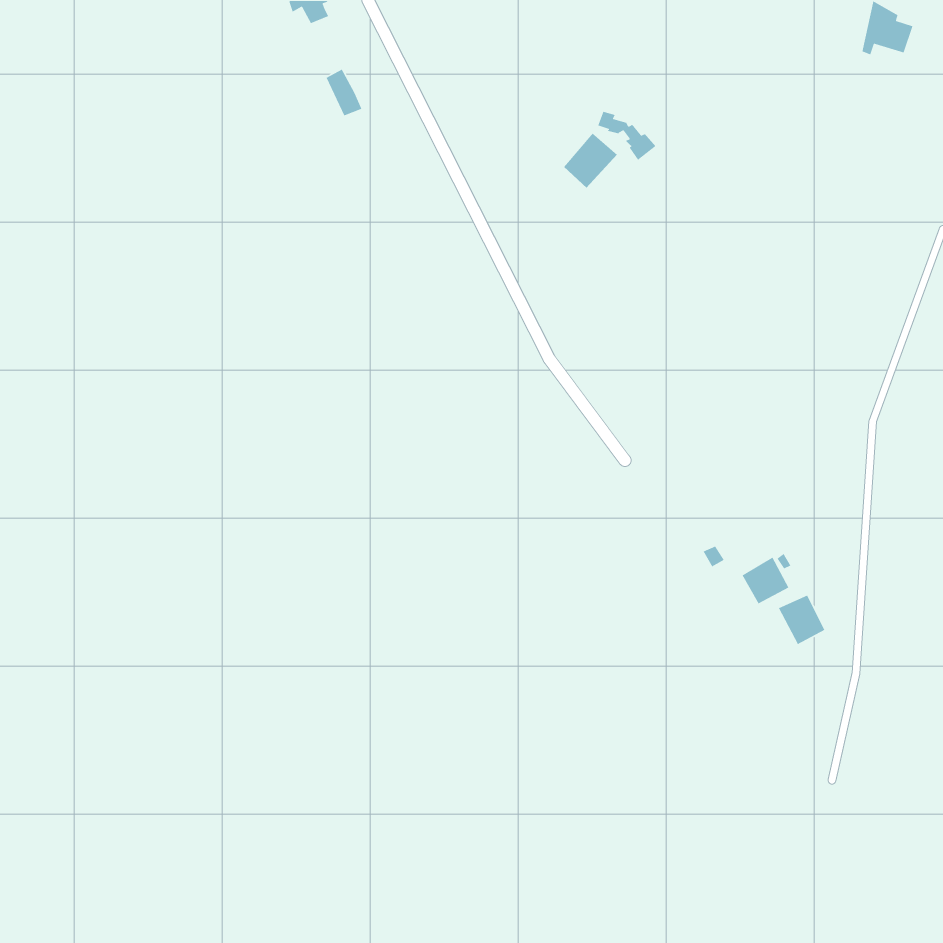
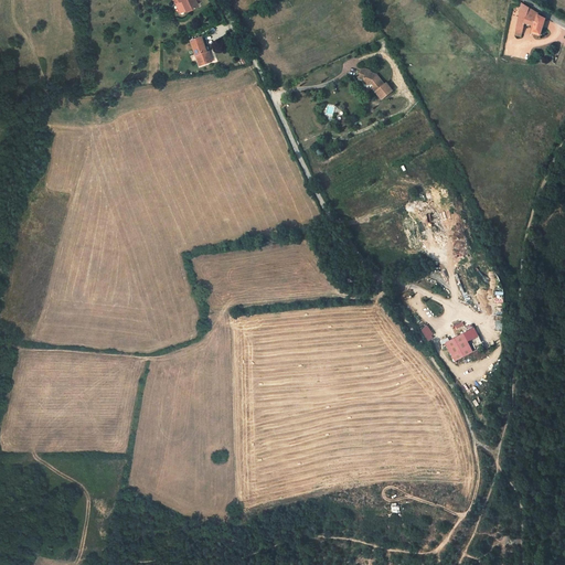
building: [563,133,618,188] -> none
building: [778,594,826,645] -> none

